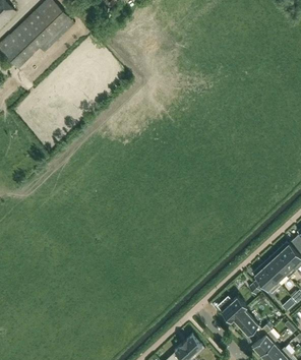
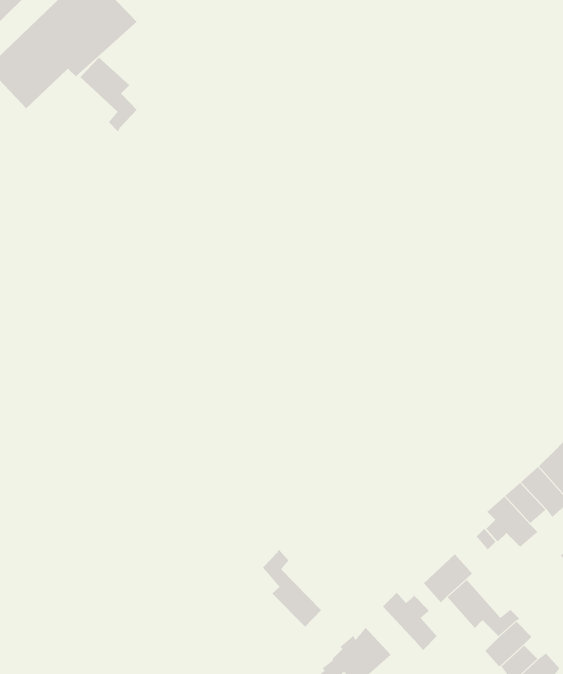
building: none -> [79,57,137,132]
building: none -> [262,549,322,627]
building: none -> [382,592,438,651]

